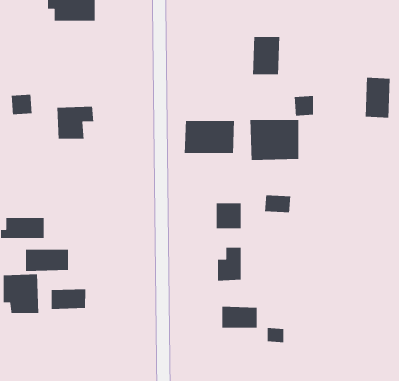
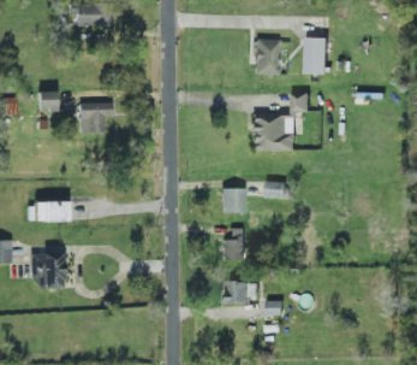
building: [365,77,390,118] -> [306,37,329,75]
building: [184,120,235,154] -> none
building: [25,249,69,272] -> none
building: [51,288,86,310] -> none

